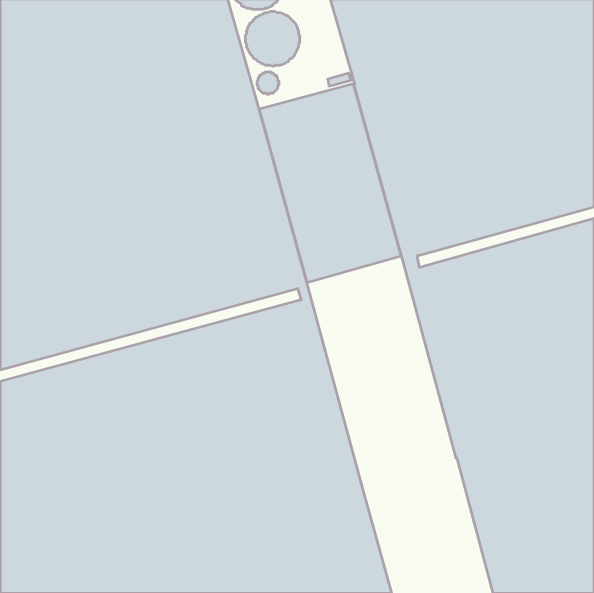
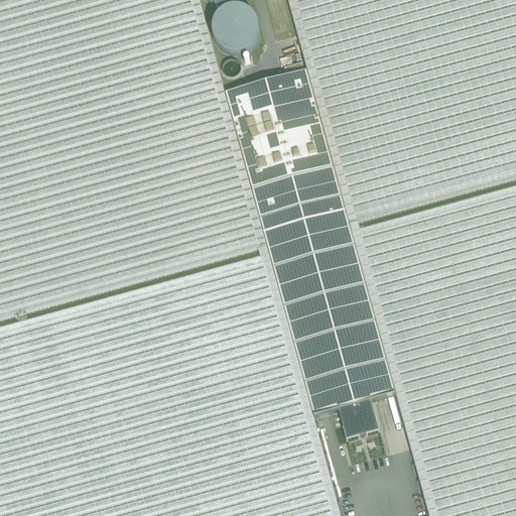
building: none -> [266,222,395,442]

